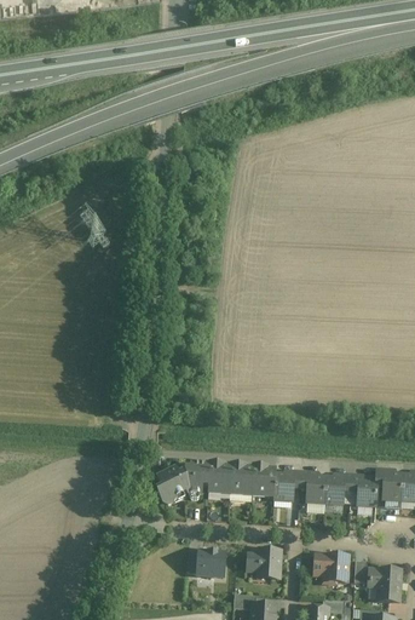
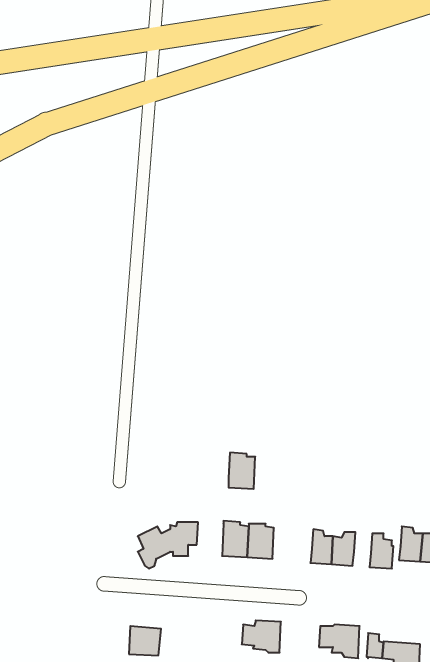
building: [208,464,231,495] -> [229,453,255,489]
building: [273,471,294,501] -> none
building: [197,552,225,578] -> [129,626,161,655]

